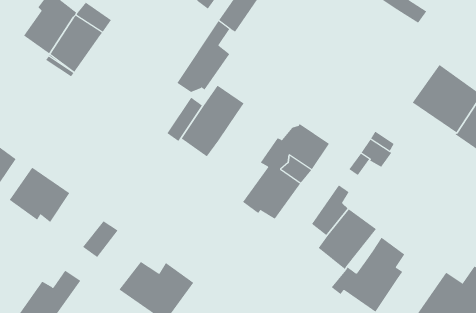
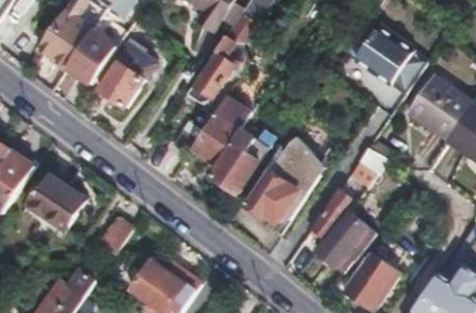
building: none -> [353,27,420,95]
building: none -> [101,44,155,104]
building: none -> [212,123,275,193]

